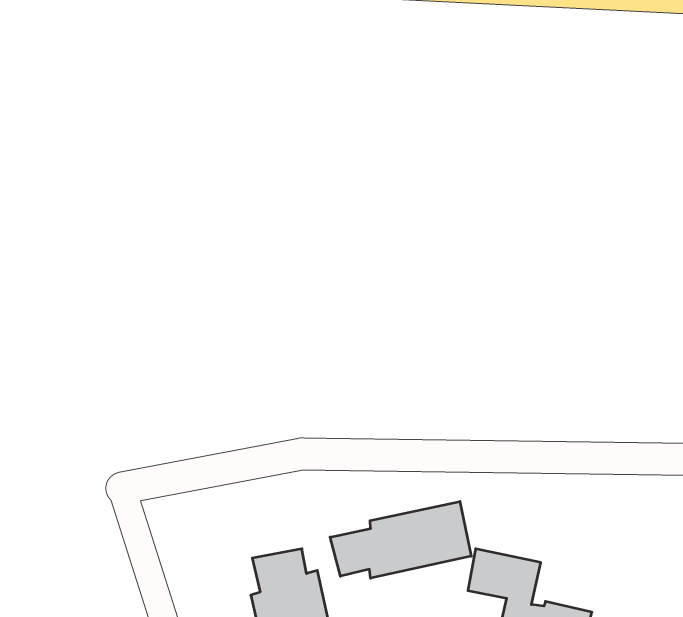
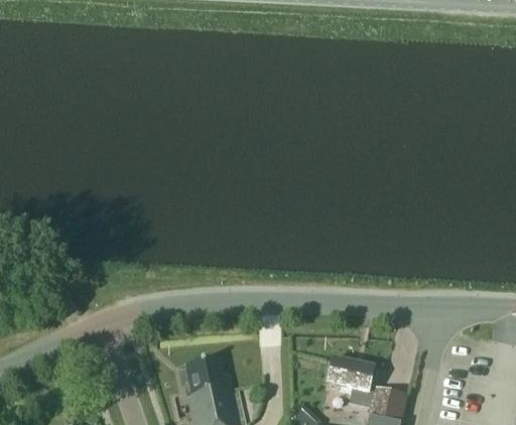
building: [330,501,471,578] -> none

